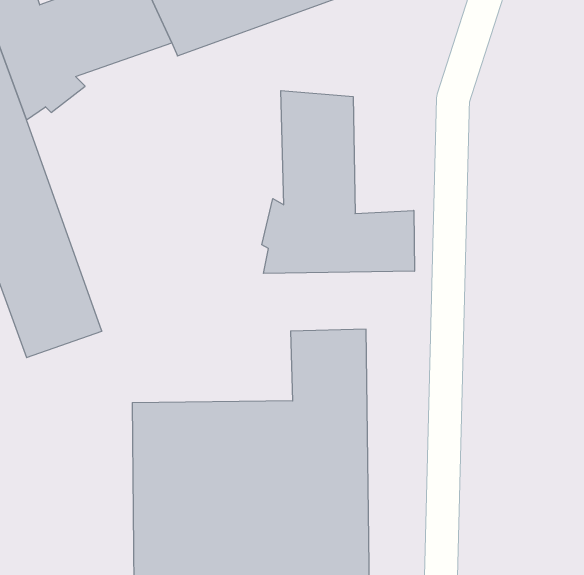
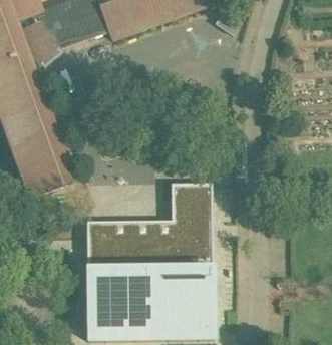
building: [262,91,414,273] -> none

